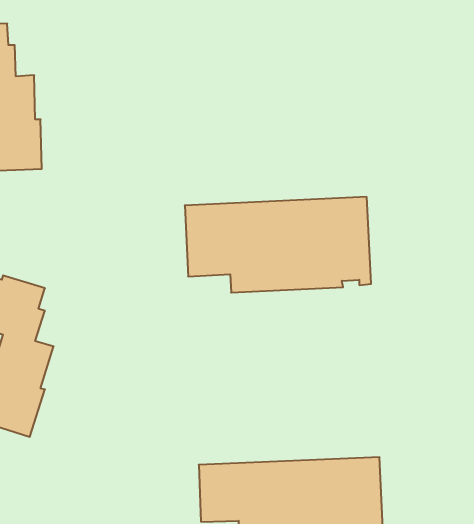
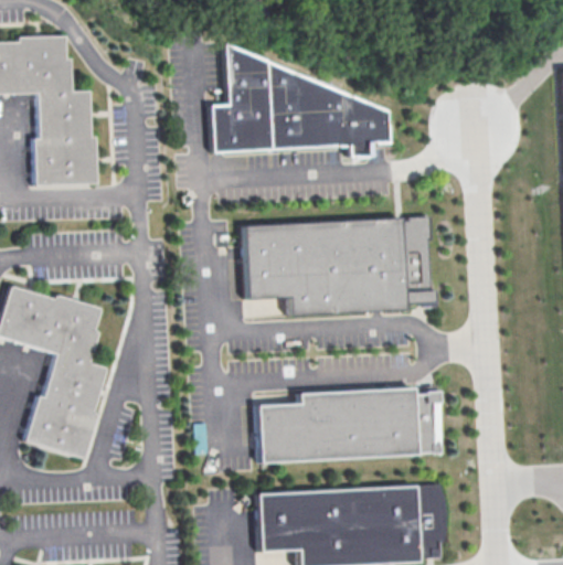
building: none -> [210,44,389,156]
building: none -> [255,386,440,460]

